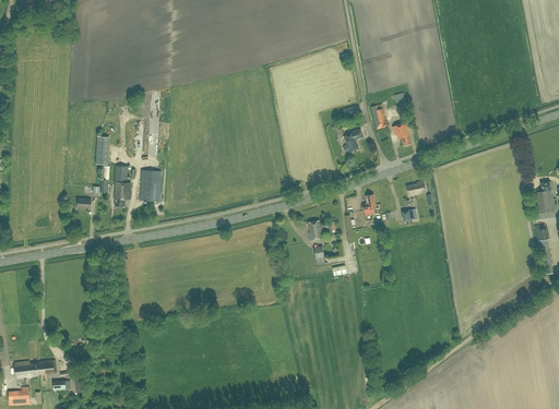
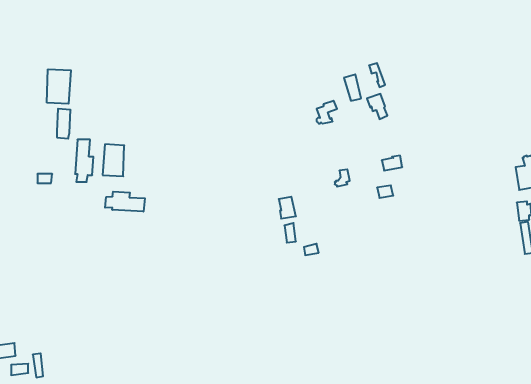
building: none -> [47,69,71,104]
building: none -> [105,192,145,212]

